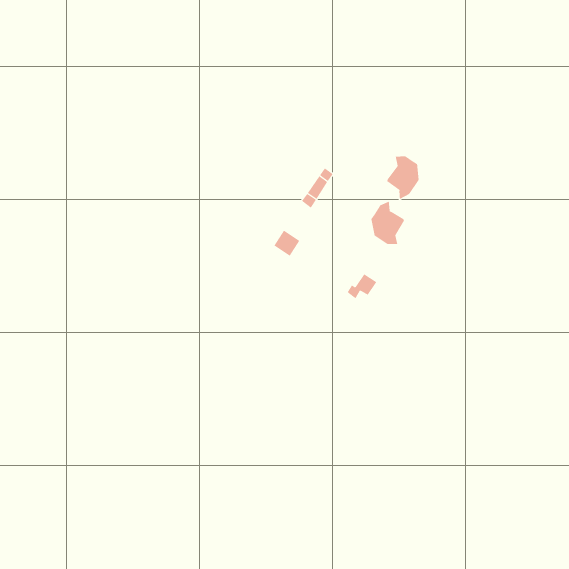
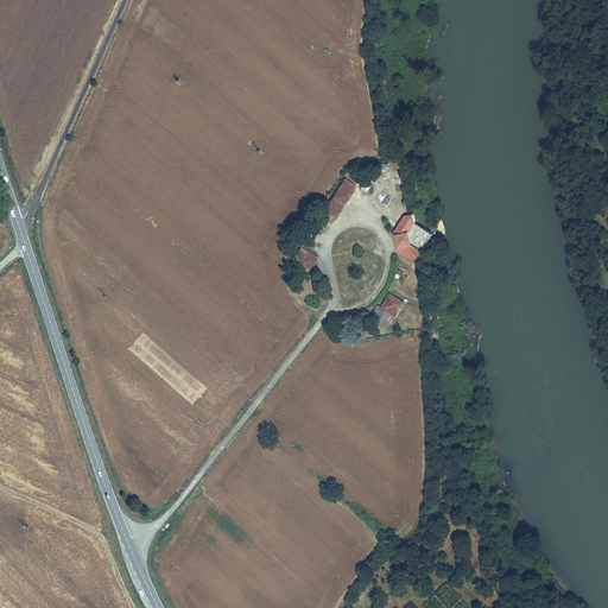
building: [387,156,419,200] -> none

